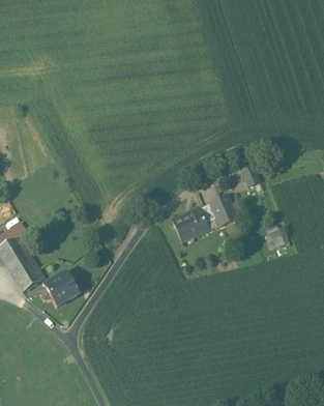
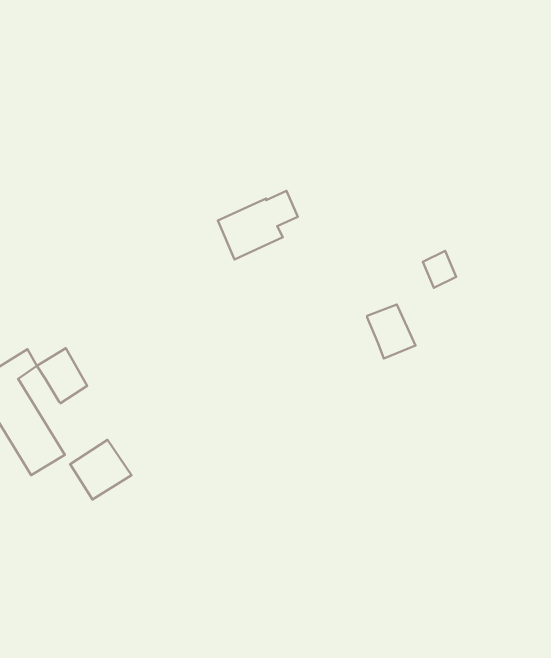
building: [172,203,216,241] -> [218,191,298,260]
building: none -> [37,348,87,403]

